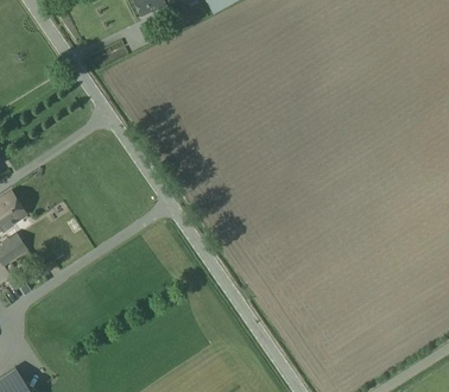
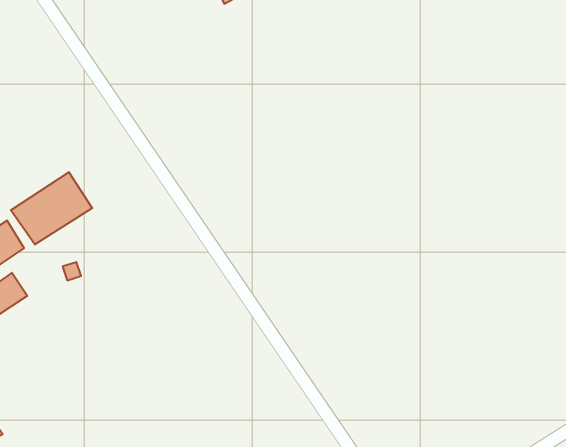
building: none -> [11,172,92,245]

